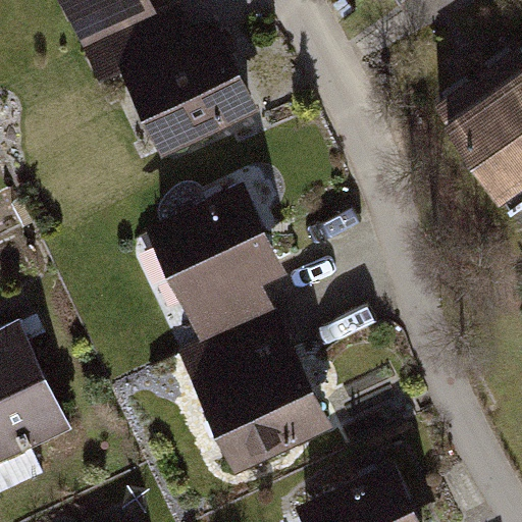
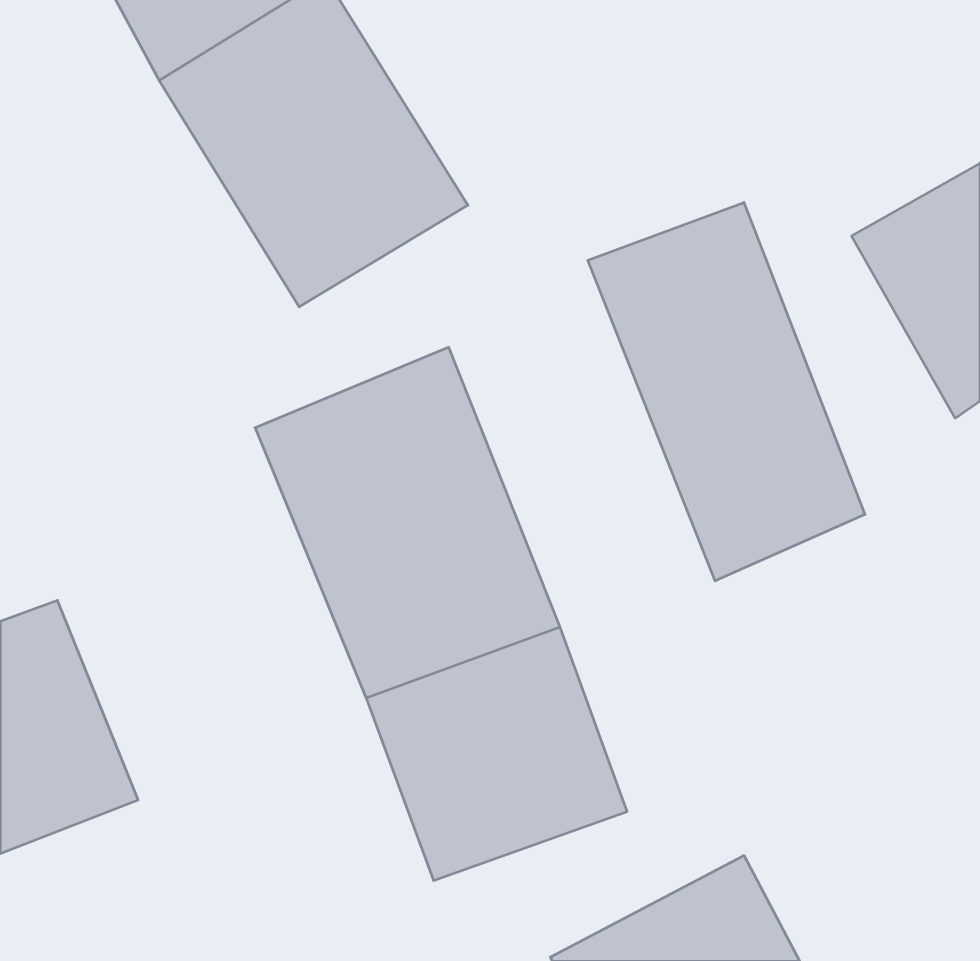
building: none -> [588,202,865,581]

